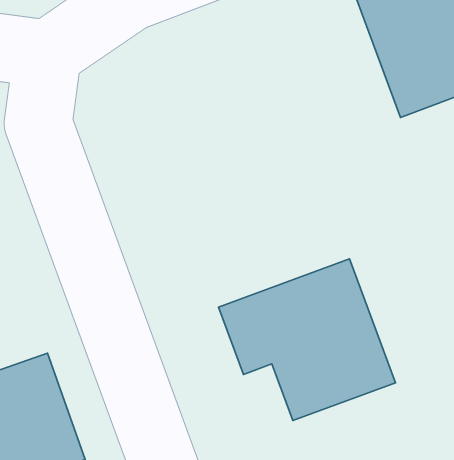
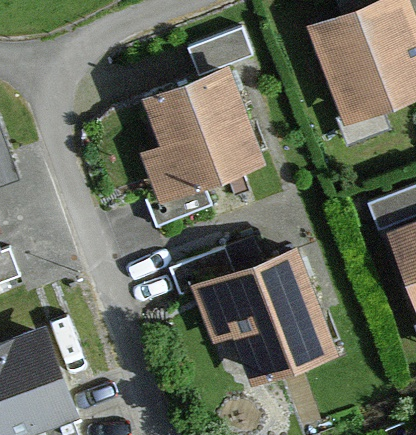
building: none -> [140,68,268,205]

